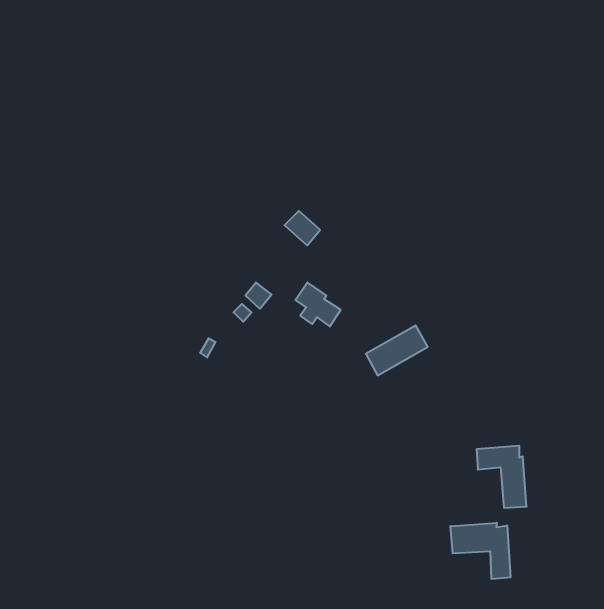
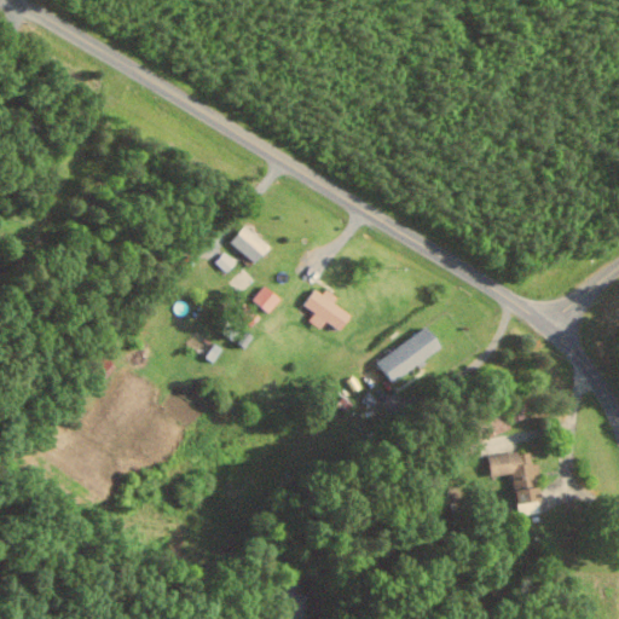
building: [284,211,320,245] -> [232,227,268,262]
building: [450,523,510,579] -> none

